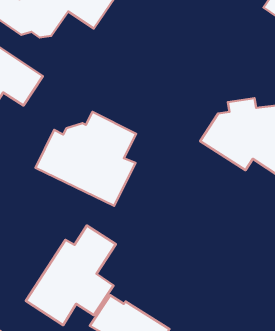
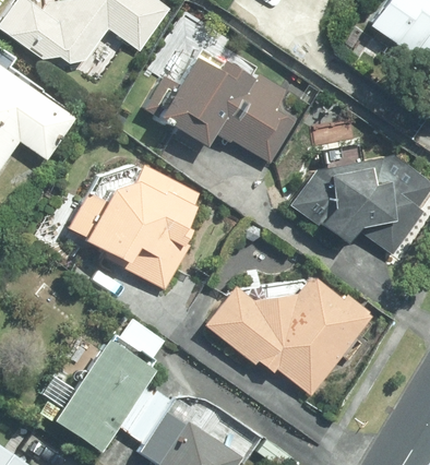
building: none -> [156,56,296,164]
building: none -> [202,272,372,394]

